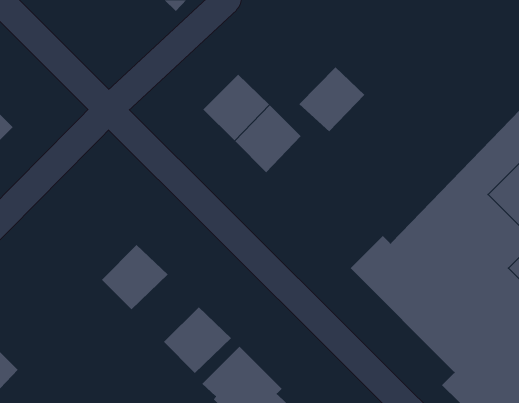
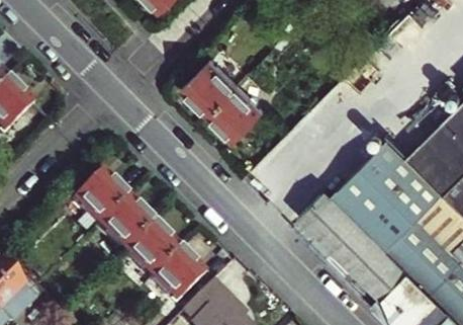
building: [298,66,365,132] -> none
building: none -> [76,169,131,225]
building: none -> [127,221,181,274]

